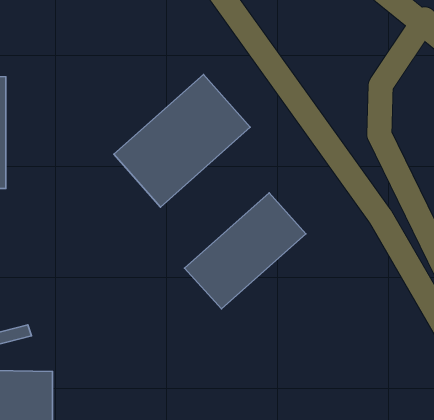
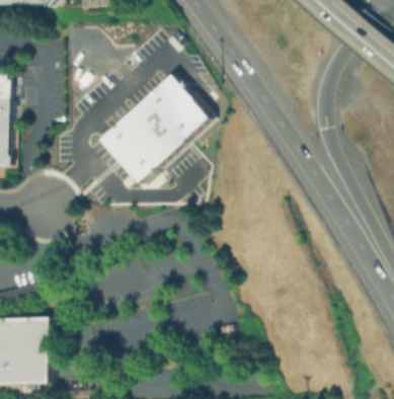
building: [185,193,306,309] -> none

